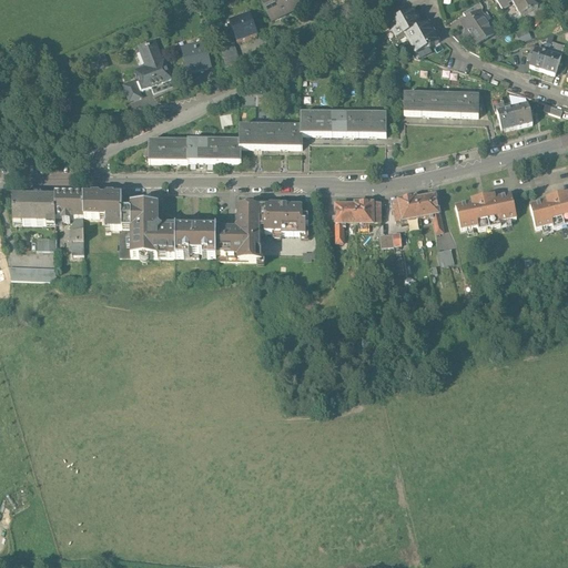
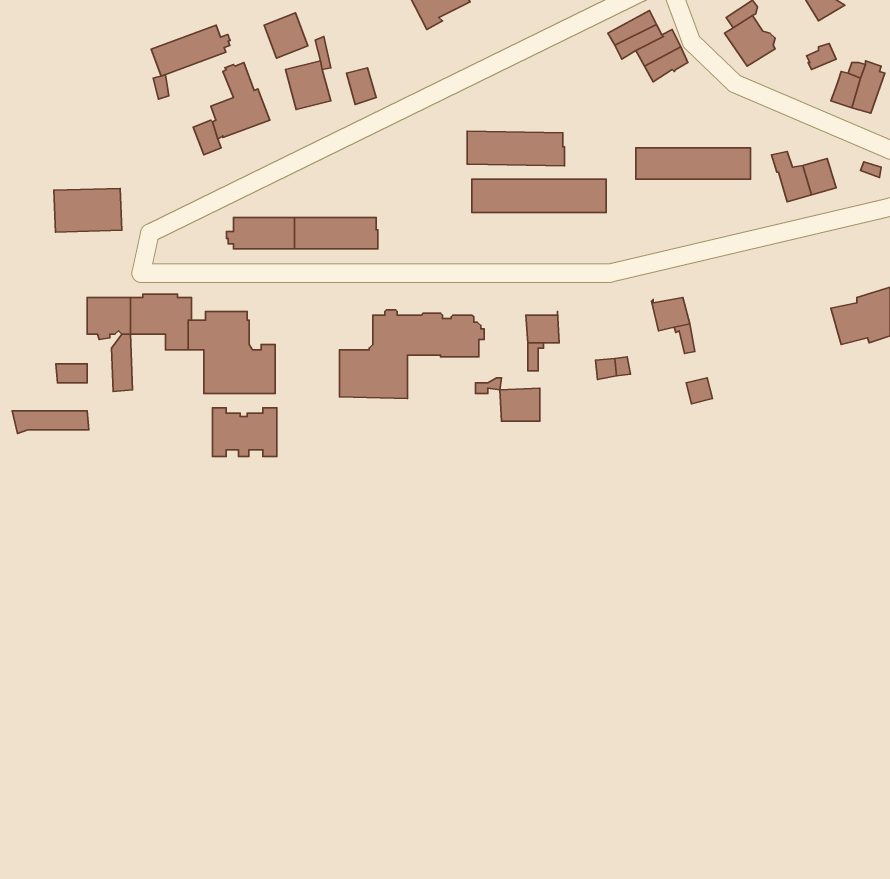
building: [230,12,257,41] -> [264,13,308,58]
building: none -> [151,25,230,76]
building: [240,125,302,148] -> [467,131,565,166]
building: [455,186,516,222] -> none
building: [12,192,55,220] -> [54,189,122,232]
building: [390,192,419,216] -> none
building: [355,197,381,219] -> [500,388,540,421]
building: [175,220,216,251] -> [212,408,277,457]

